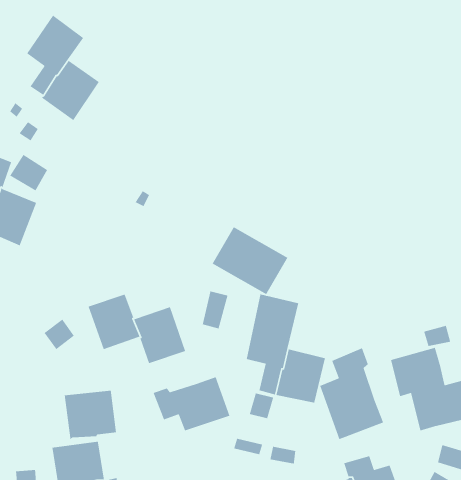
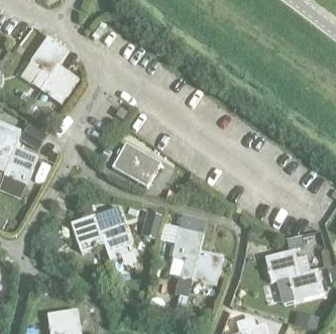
building: [212,226,288,295] -> [111,142,160,187]
building: [319,347,384,440] -> none
building: [152,376,230,432] -> none
building: [64,390,117,440] -> none

